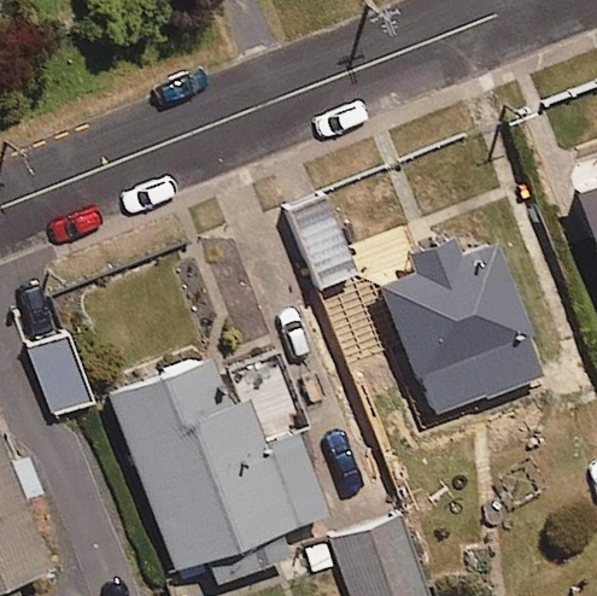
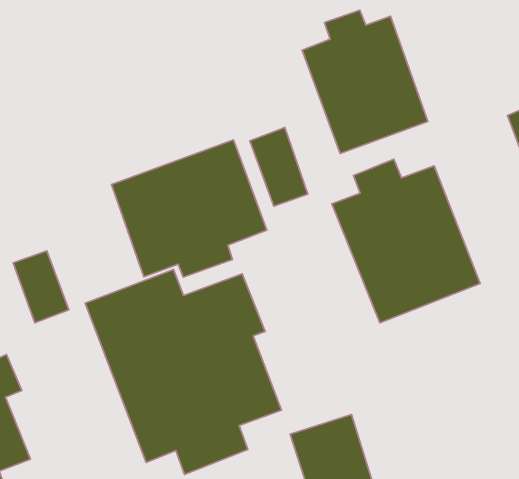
building: none -> [302,10,428,154]
building: none -> [112,140,267,277]

